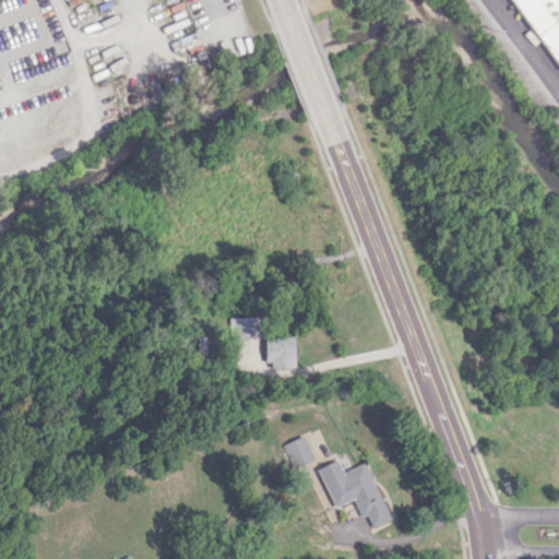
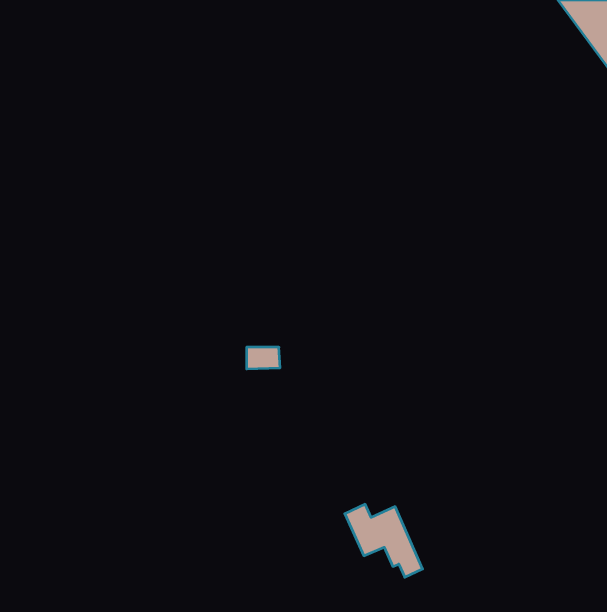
building: [266,336,296,367] -> none
building: [284,436,313,467] -> none

